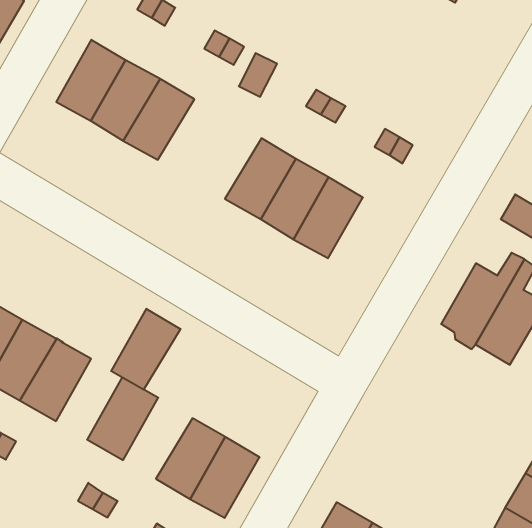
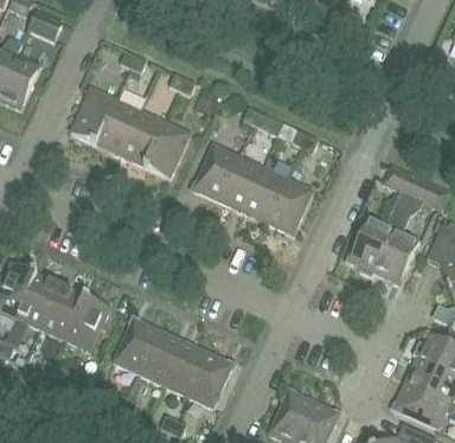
building: none -> [143,121,190,176]
building: none -> [267,178,313,233]
building: [111,309,181,390] -> [139,328,184,384]

